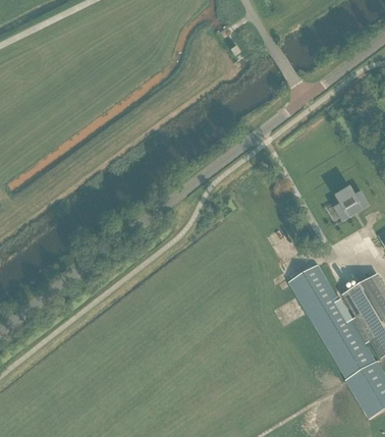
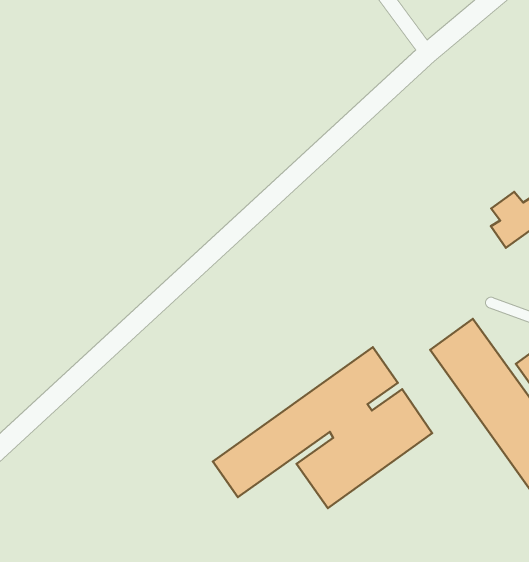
building: none -> [213,347,432,508]

